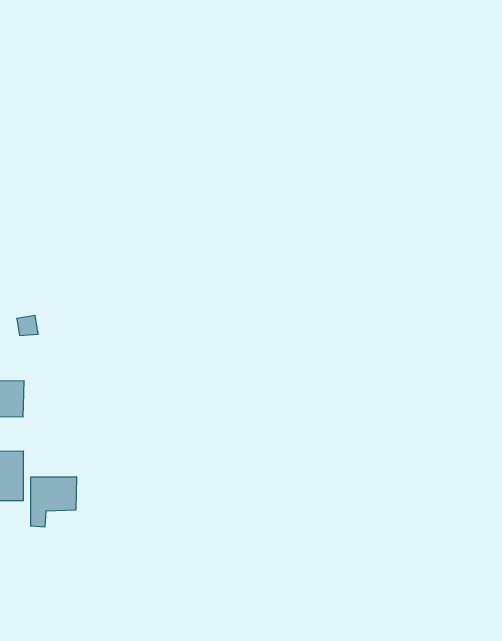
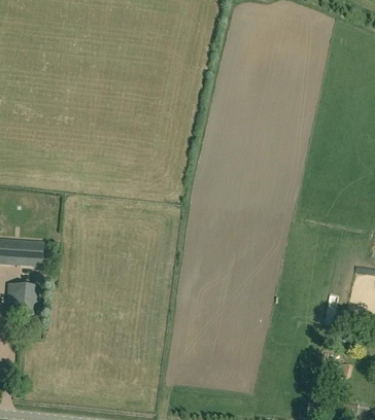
building: [31,477,76,527] -> none

